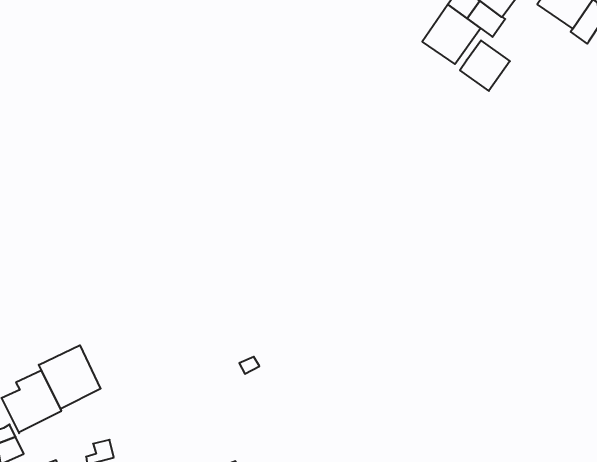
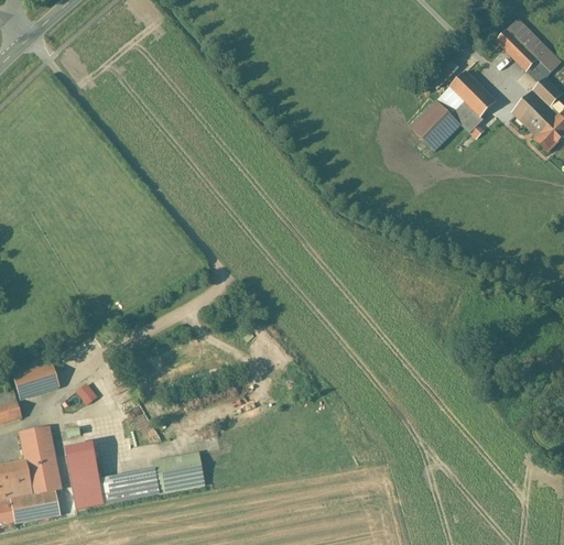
building: [460,40,510,91] -> none
building: [39,345,101,409] -> none

